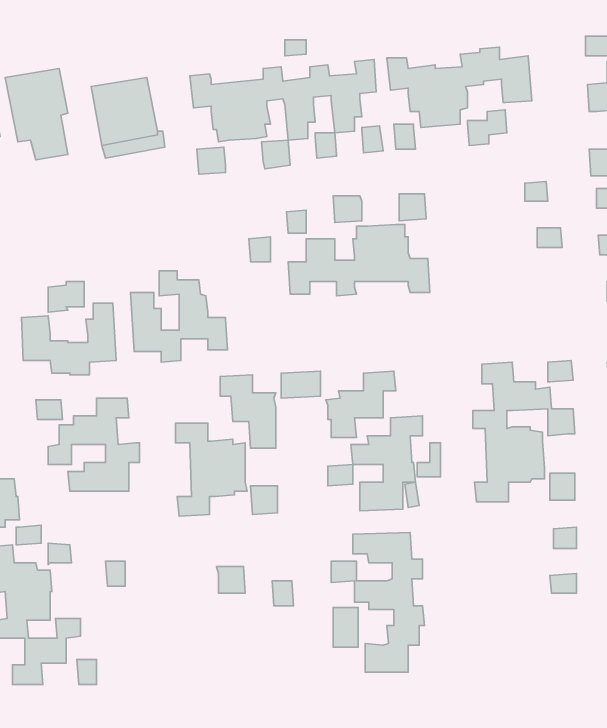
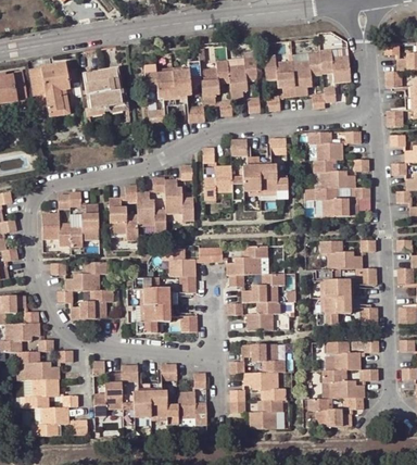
building: none -> [308,131,369,216]
building: none -> [152,176,194,221]
building: none -> [307,341,364,426]
building: none -> [94,365,207,426]

